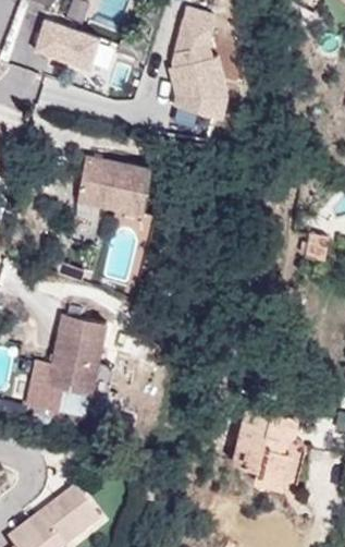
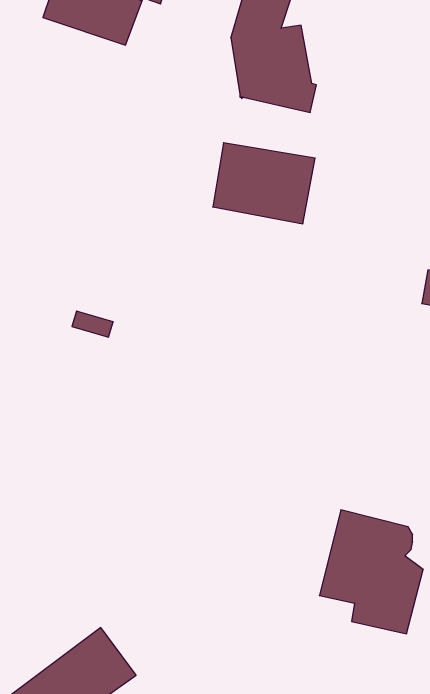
building: [78,156,151,214] -> [213,143,315,224]
building: [26,314,108,410] -> none

